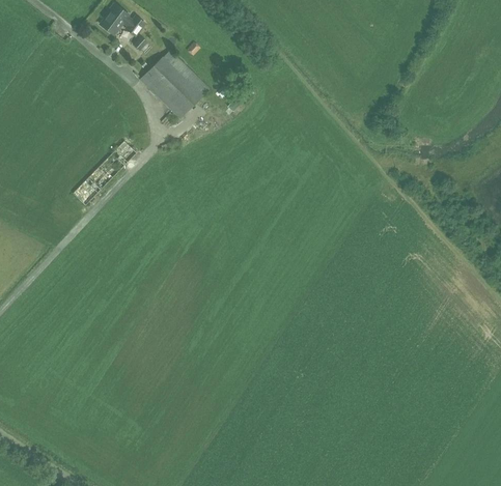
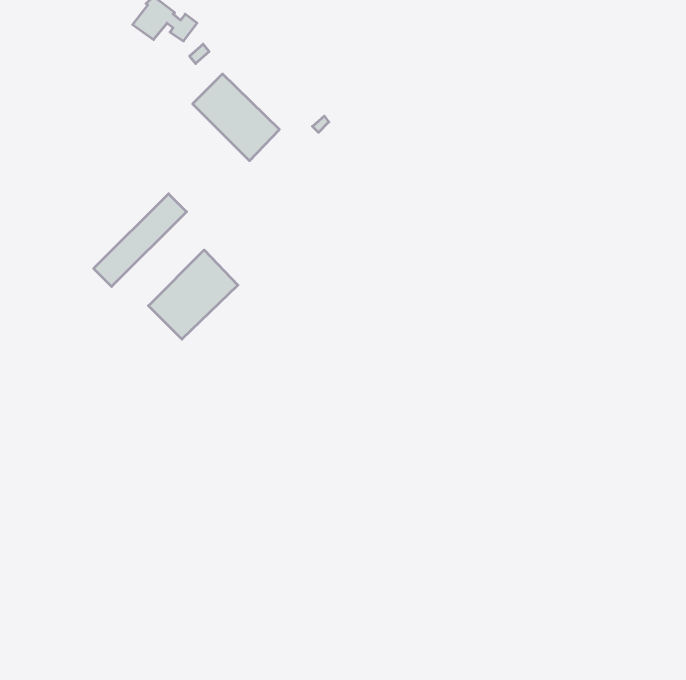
building: none -> [148,250,238,339]

